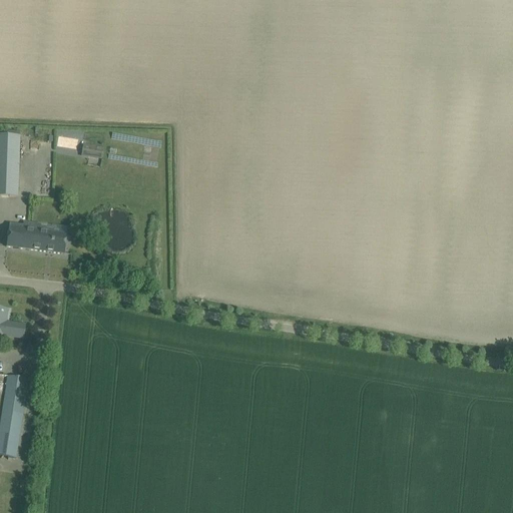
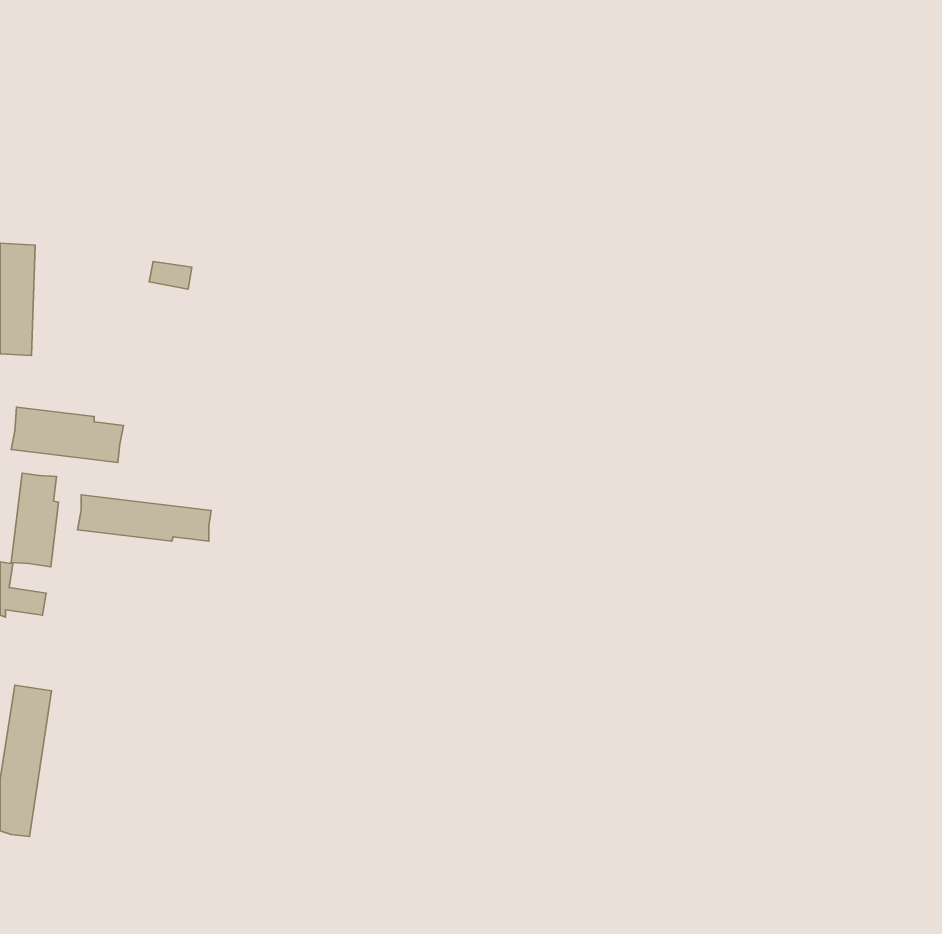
building: none -> [11,473,59,567]
building: none -> [78,495,211,541]

